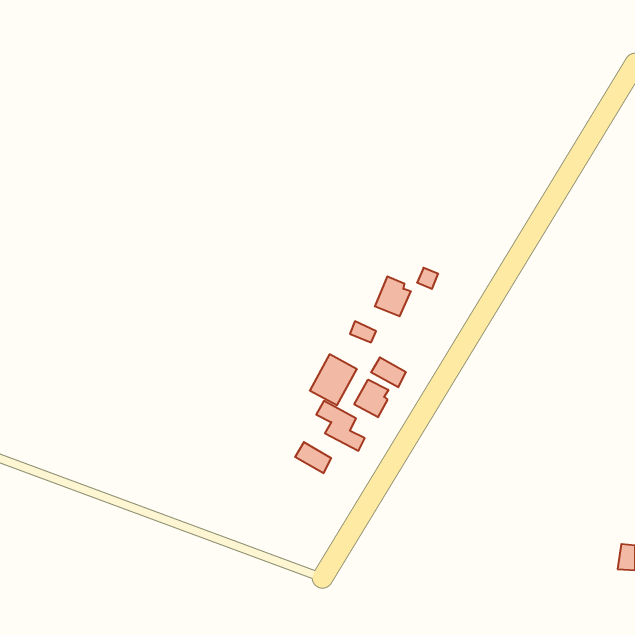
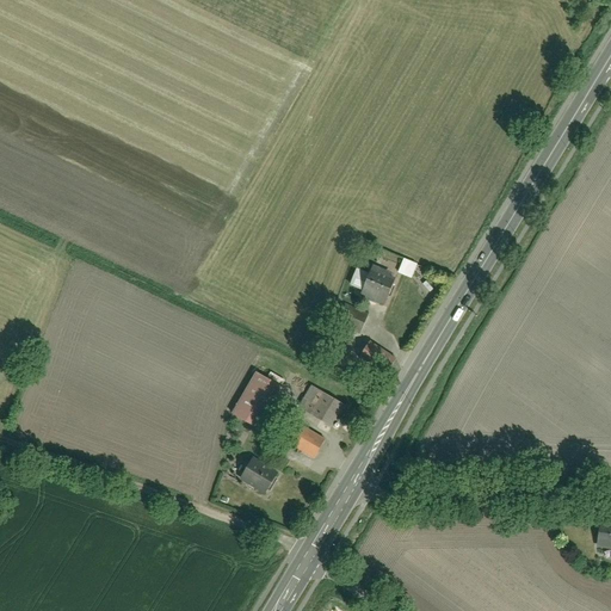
building: [310,354,357,405] -> [233,376,278,425]
building: [354,380,388,417] -> none
building: none -> [240,458,276,493]

